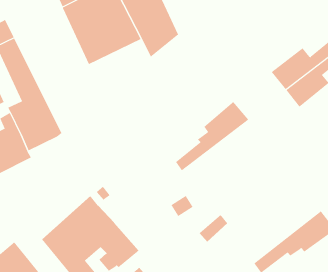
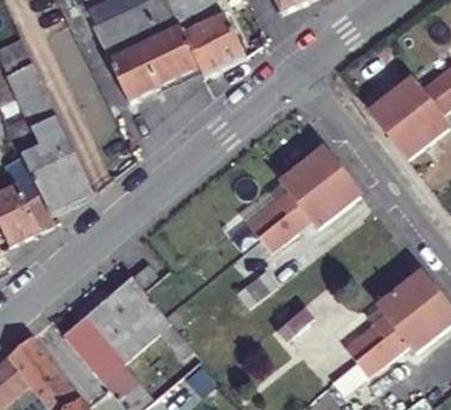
building: none -> [253,172,358,251]
building: none -> [340,271,437,362]

